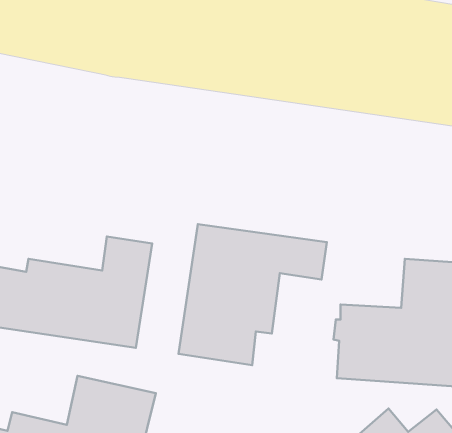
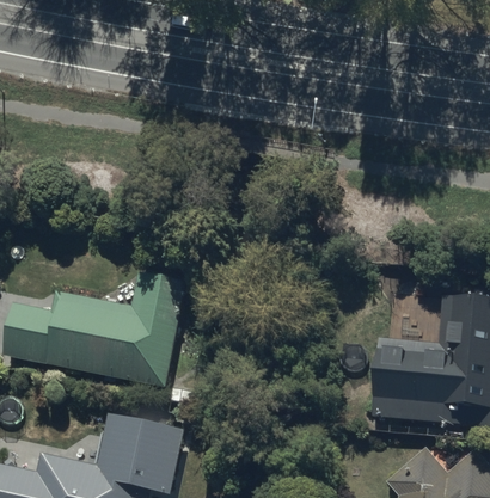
building: [179,224,327,365] -> none

